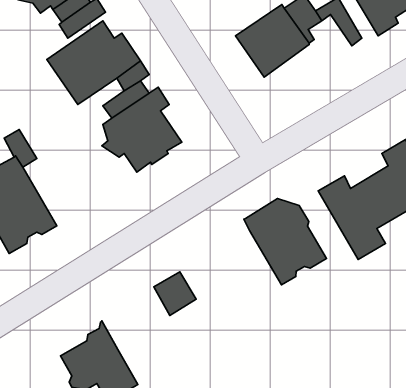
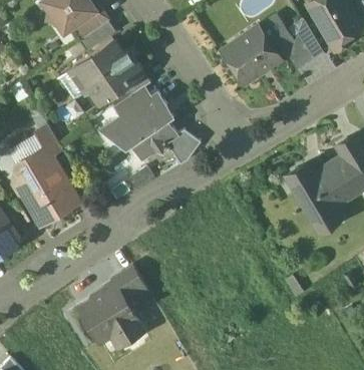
building: none -> [279,34,314,71]
building: none -> [165,131,200,166]
building: [244,199,327,285] -> none
building: [154,272,196,315] -> [113,268,147,303]

